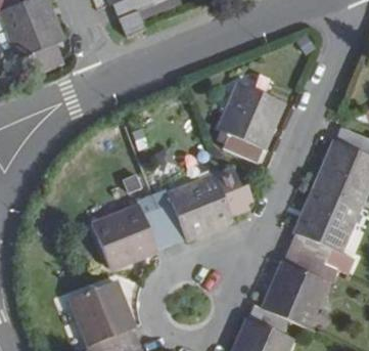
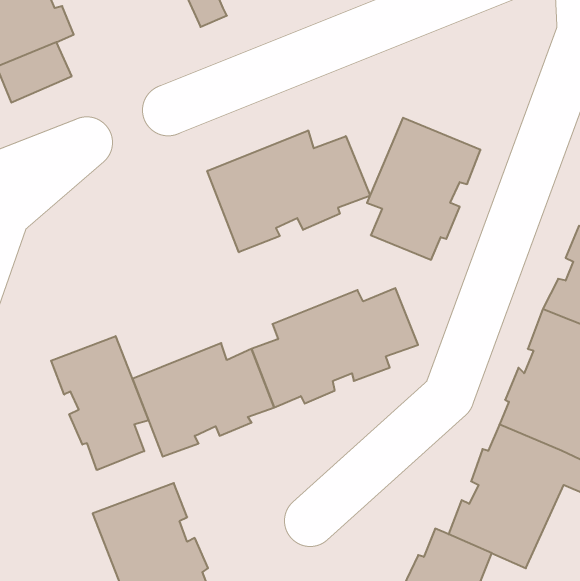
building: none -> [207,130,370,252]
building: none -> [51,336,148,470]

